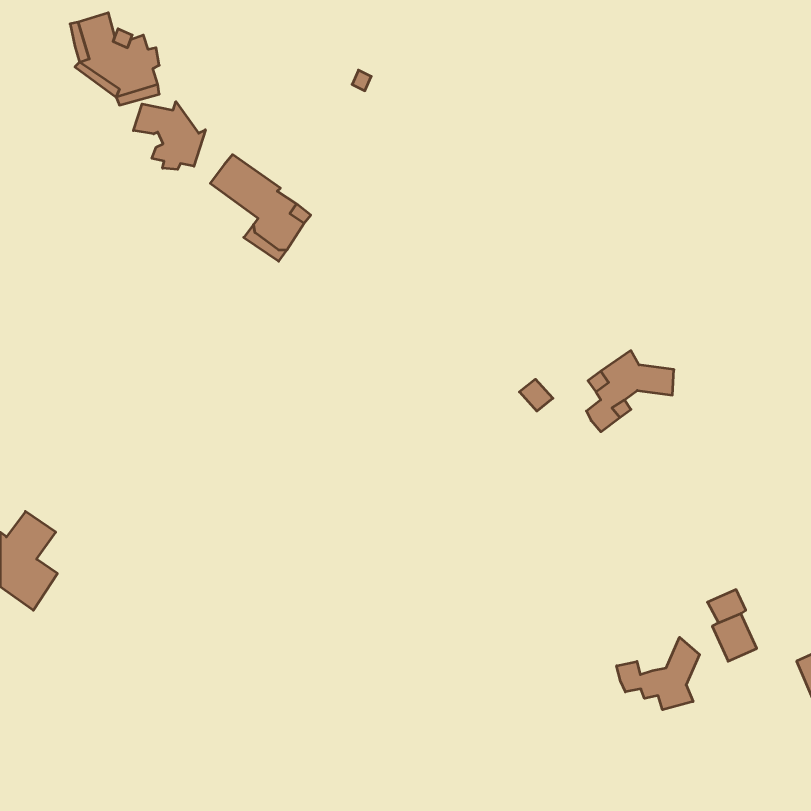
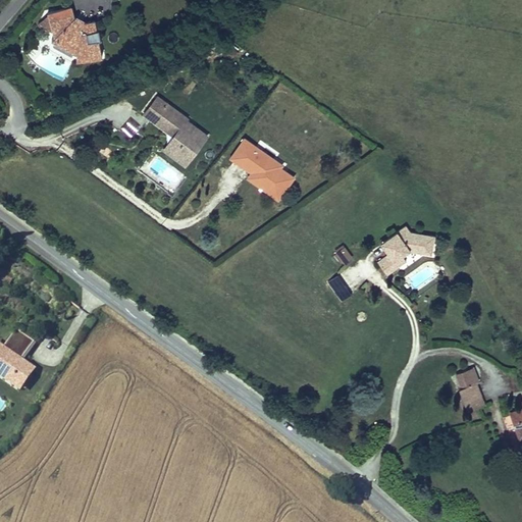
building: [133,102,205,169] -> none
building: none -> [231,136,301,200]
building: [617,637,700,710] -> none

